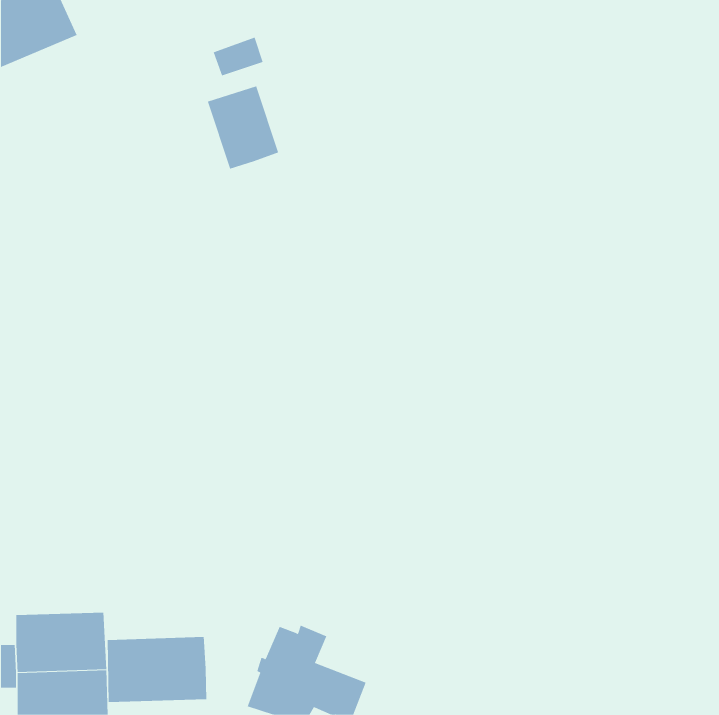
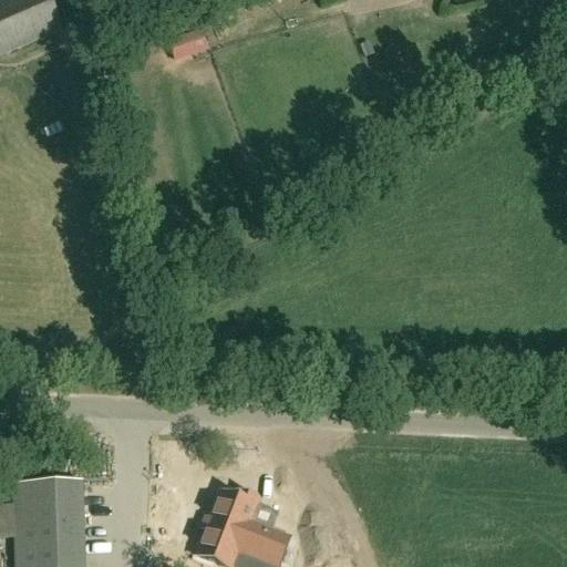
building: [207,85,279,169] -> none
building: [107,636,207,703] -> none

